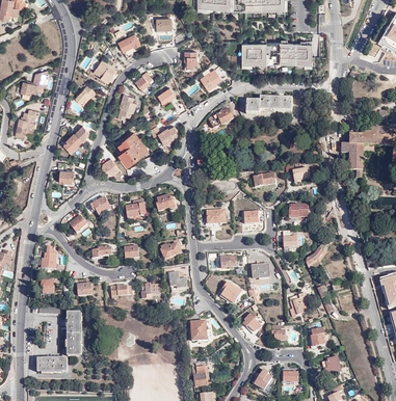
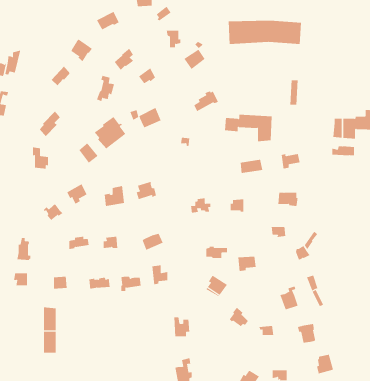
building: [245,97,291,123] -> [224,114,273,142]
building: [36,358,68,373] -> none

